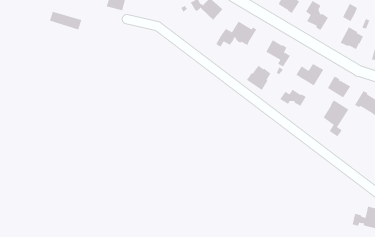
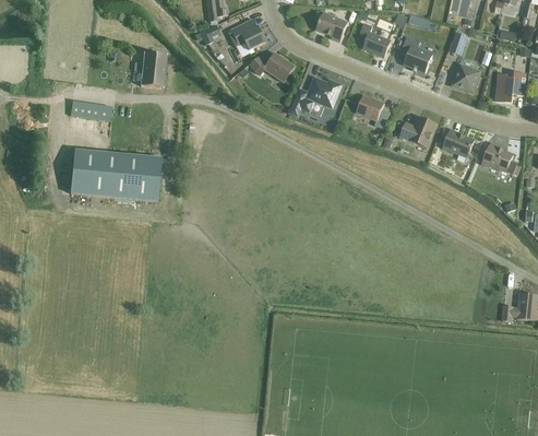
building: none -> [70,149,160,200]
building: [246,65,271,91] -> none
building: [280,89,306,106] -> none
building: [323,100,349,137] -> none

